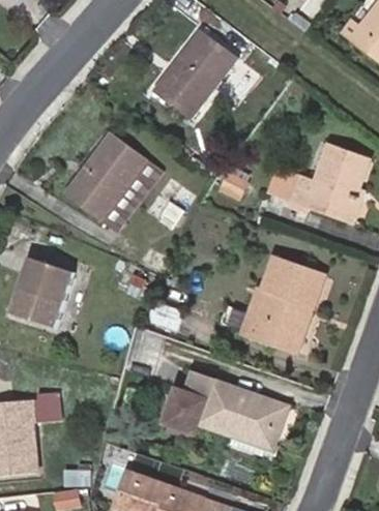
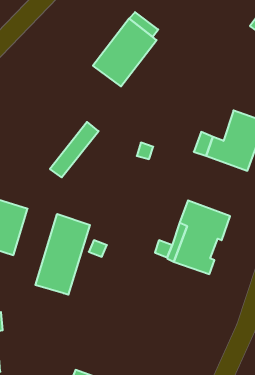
building: [64,132,146,219] -> none
building: none -> [35,214,90,295]
building: [175,372,286,440] -> none

